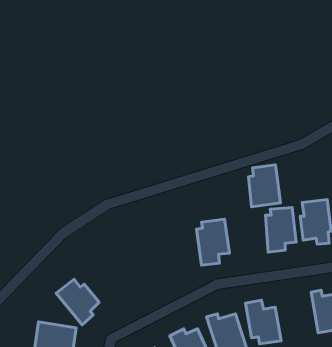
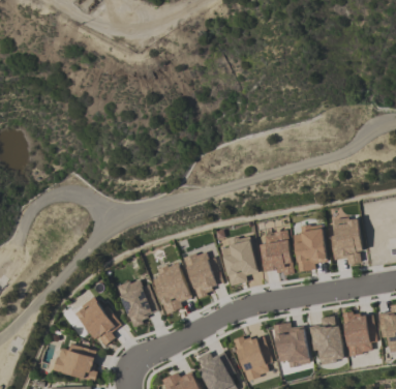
building: [249,165,280,207] -> [260,232,293,275]
building: none -> [183,251,224,296]
building: none -> [155,266,191,315]
building: none -> [118,277,157,324]
building: none -> [309,317,343,363]

